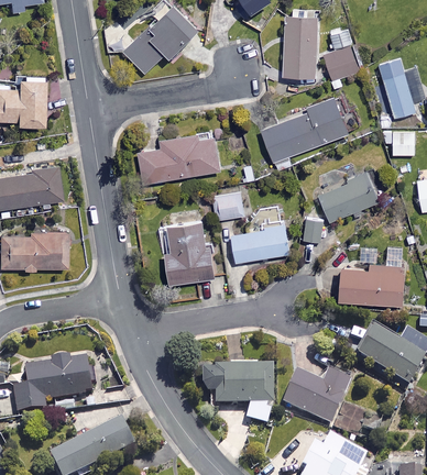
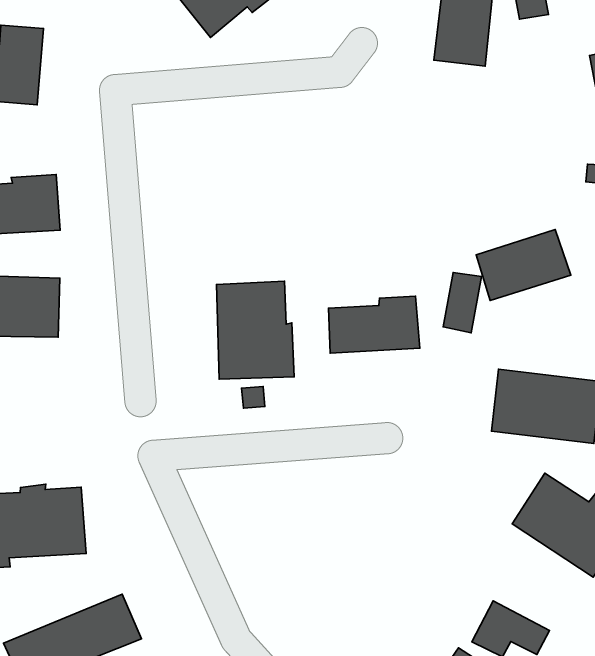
building: [325,45,360,78] -> none
building: [261,96,358,170] -> none
building: [139,129,221,181] -> none
building: [214,190,245,219] -> none
building: [202,366,273,426] -> none
building: [283,371,350,424] -> none

